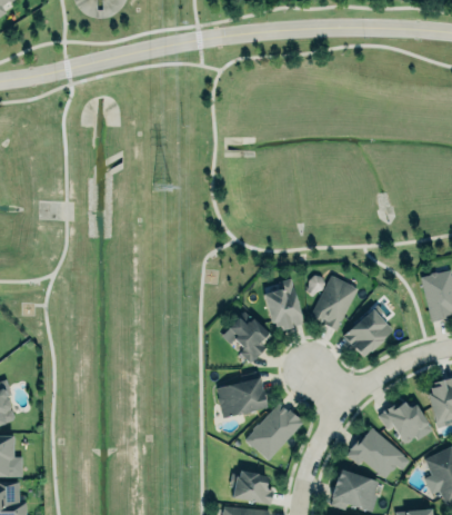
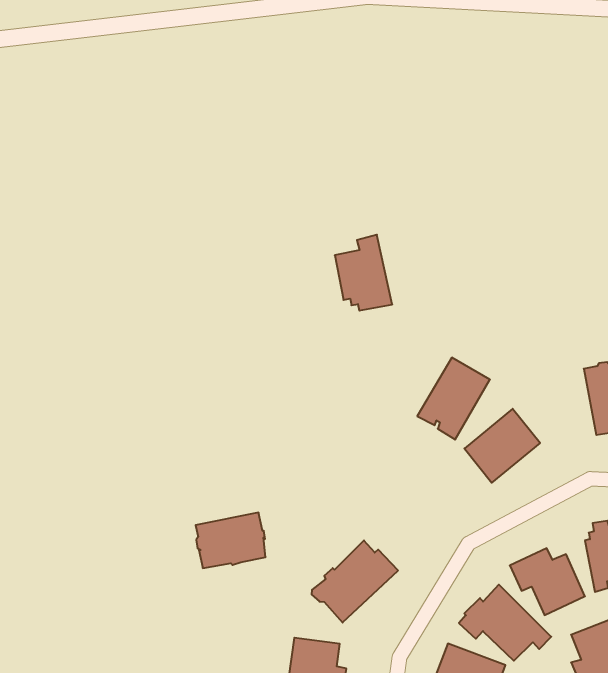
building: [263,277,304,329] -> [335,235,392,311]
building: [221,311,268,364] -> none
building: [217,377,265,417] -> [196,513,266,568]

